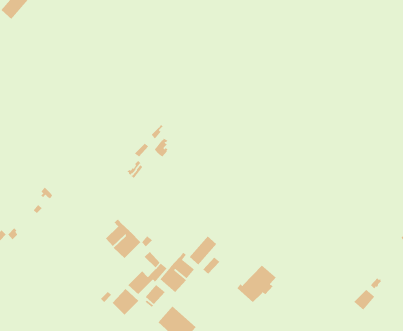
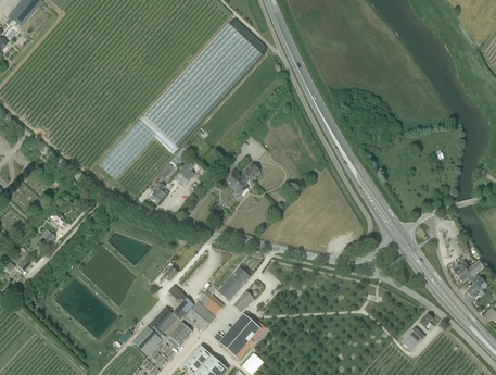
building: none -> [227,162,260,193]
building: [105,219,141,259] -> none
building: [236,265,276,303] -> [216,313,260,355]

